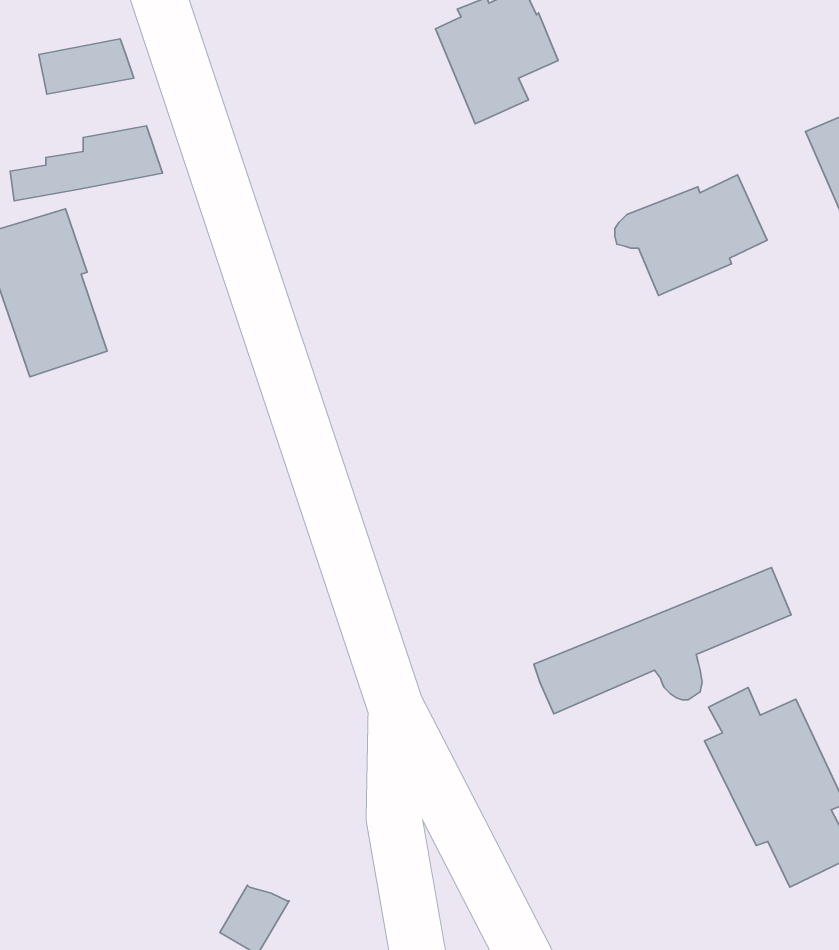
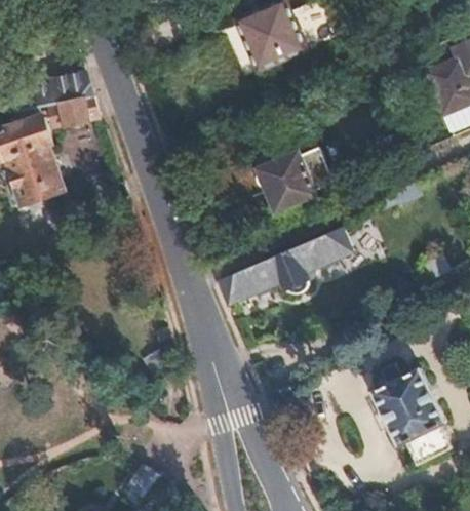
building: [39,39,134,94] -> [50,95,100,124]
building: [615,175,767,296] -> [251,147,330,209]
building: [534,567,791,714] -> [217,230,350,306]

